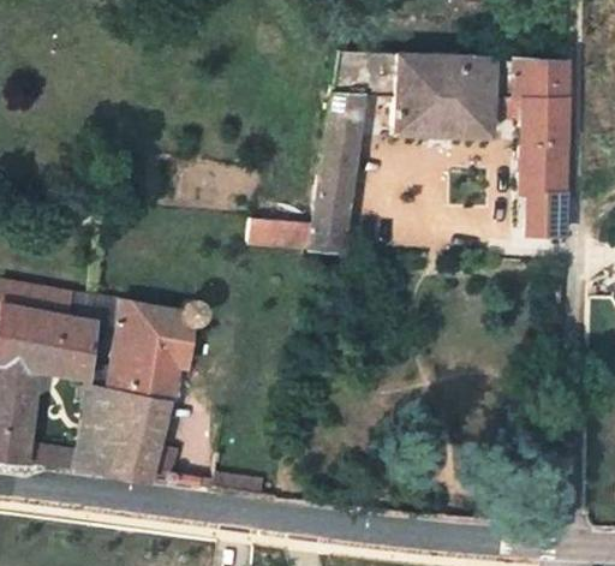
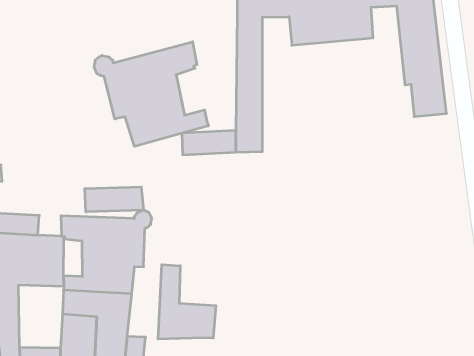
building: none -> [94,42,208,146]
building: none -> [85,187,143,212]
building: none -> [158,265,216,339]

